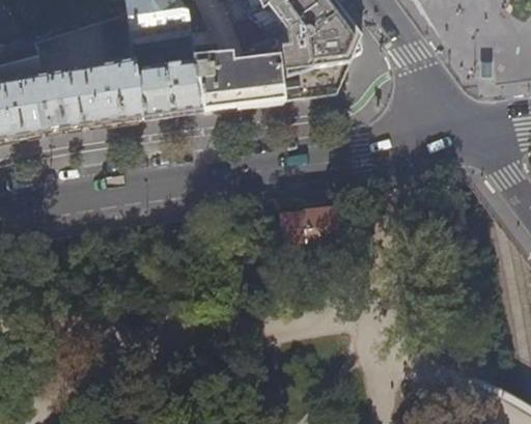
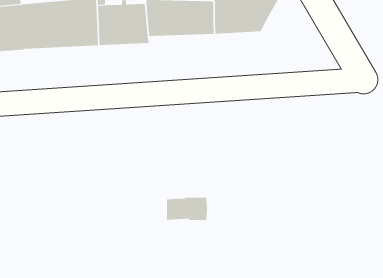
building: [283,207,336,241] -> [166,197,208,221]

